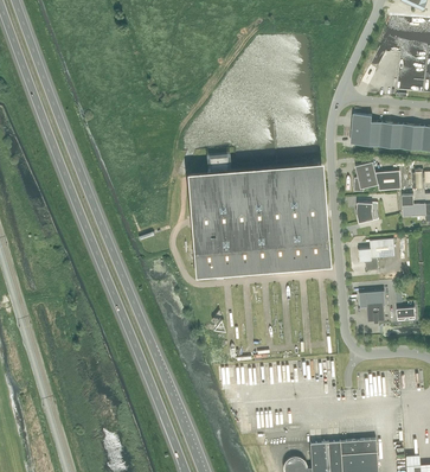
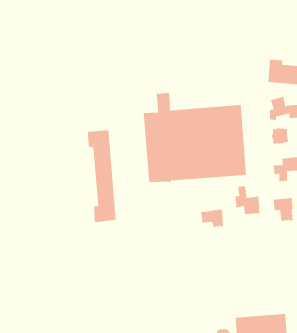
building: none -> [87,130,116,223]
building: none -> [235,186,260,215]
building: none -> [200,209,224,227]

